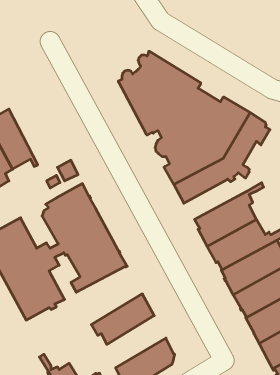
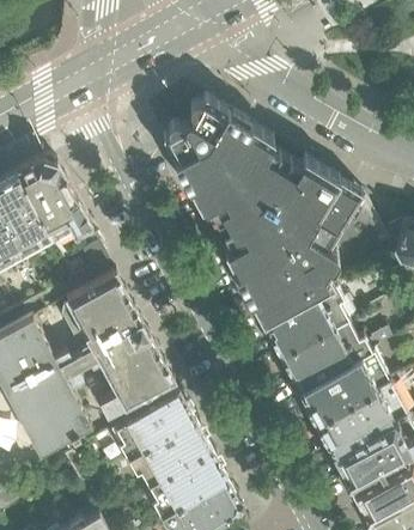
building: none -> [17,158,97,249]
building: none -> [250,258,334,322]
building: none -> [115,390,194,461]
building: none -> [147,449,226,518]

